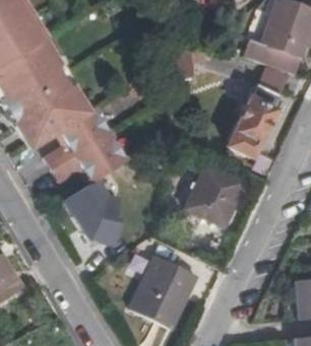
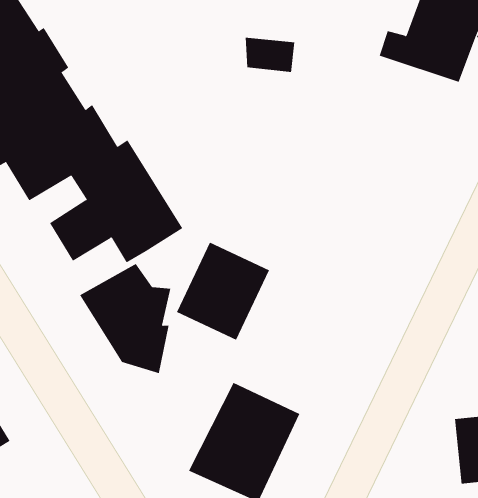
building: [230,82,283,155] -> none
building: [188,163,245,223] -> [176,242,270,341]

